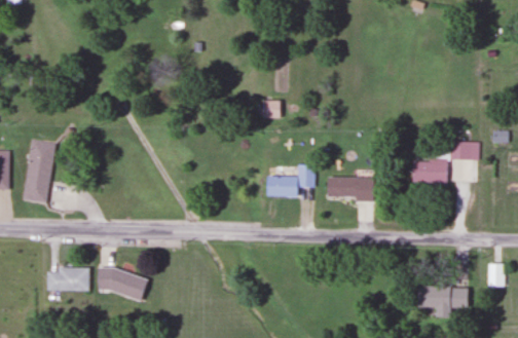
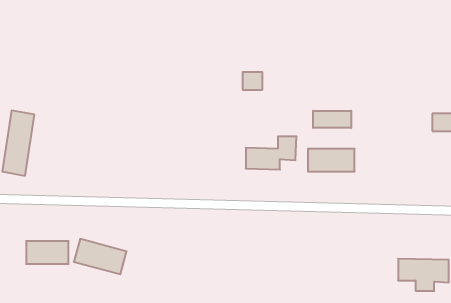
building: none -> [313,111,351,128]
building: [412,153,447,183] -> none

